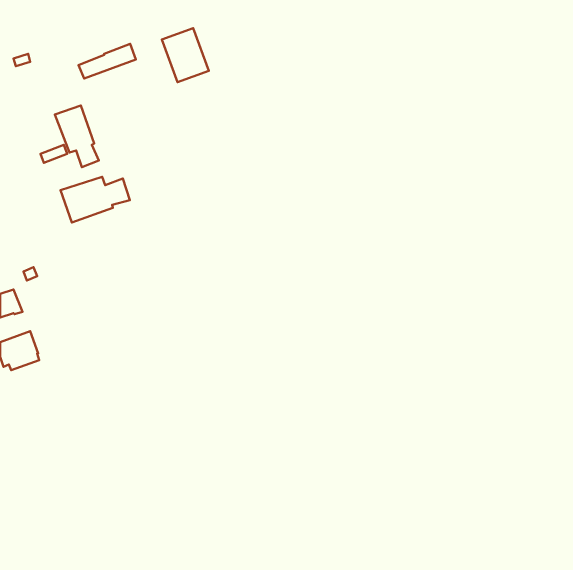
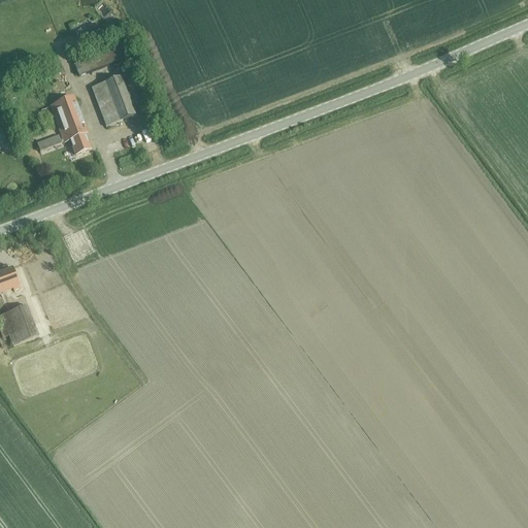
building: [162,28,209,82] -> [92,75,135,125]
building: [60,177,130,222] -> none

